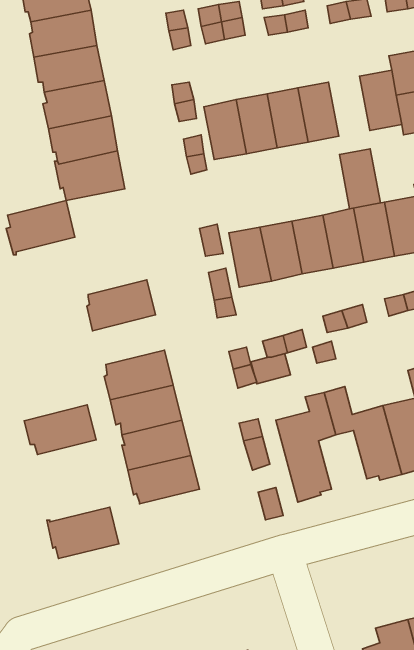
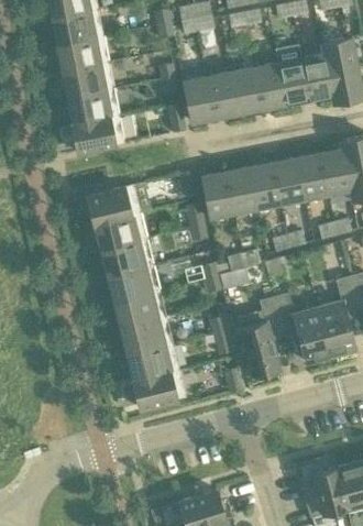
building: [339,149,380,209] -> [276,58,307,103]
building: [6,201,75,255] -> [88,184,140,224]
building: [24,405,96,455] -> [99,238,153,275]
building: [47,507,119,558] -> [132,369,186,407]

